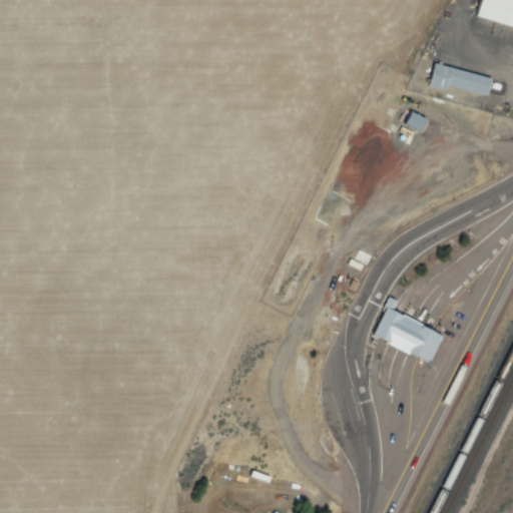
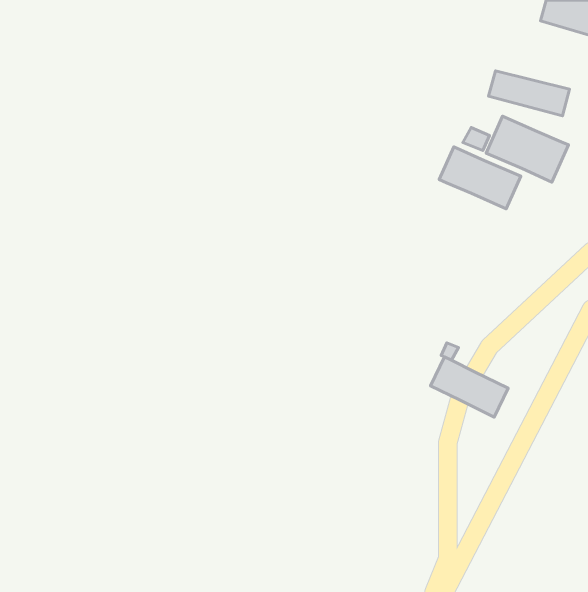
building: none -> [486,116,568,182]
building: none -> [439,147,521,209]

